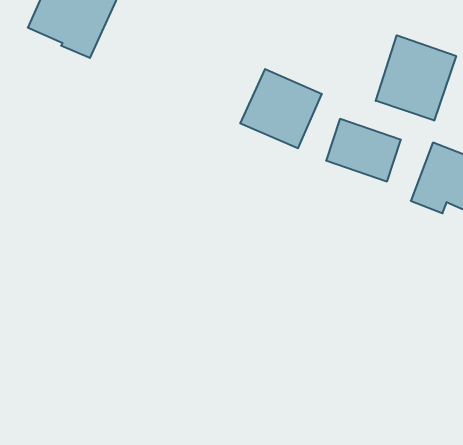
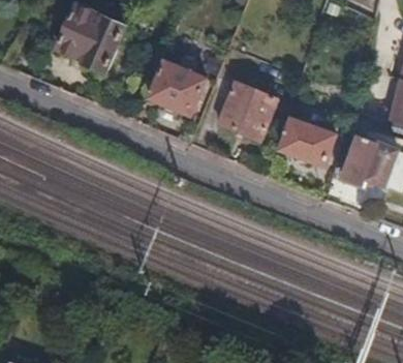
building: [376,35,456,121] -> none
building: none -> [148,57,206,116]

